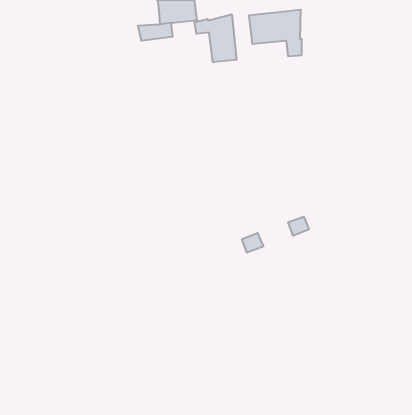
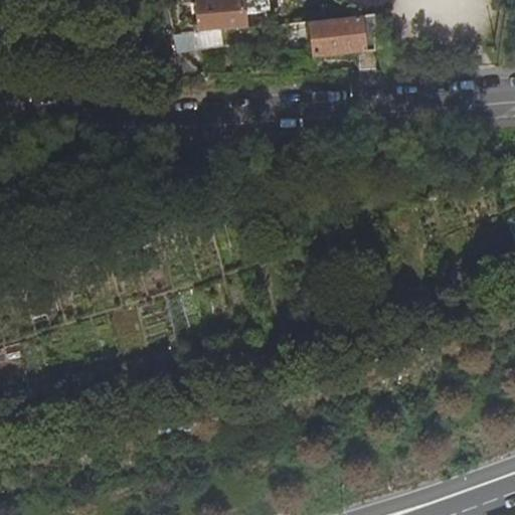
building: [195,14,237,62] -> none

